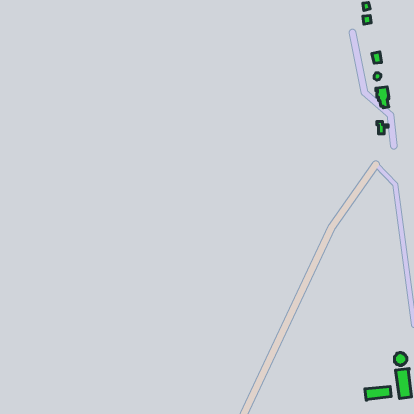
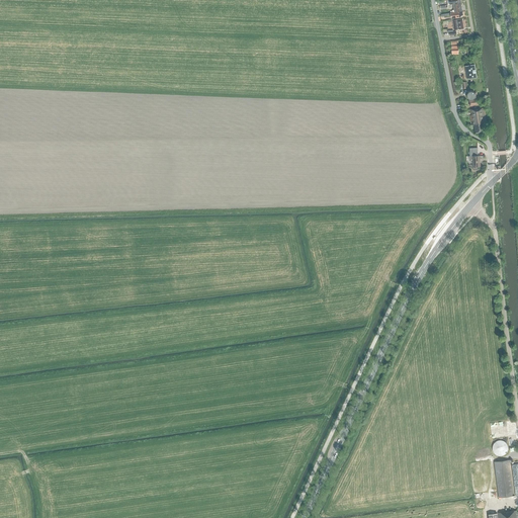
building: [365,386,391,400] -> none

